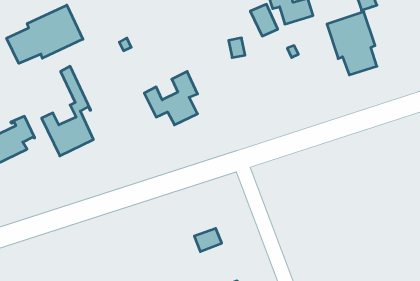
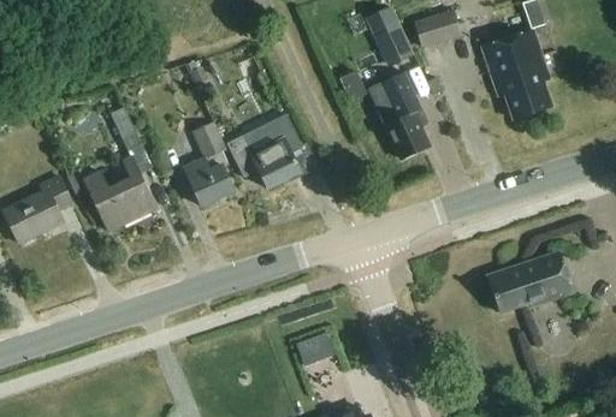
building: [7,5,83,63] -> none
building: none -> [368,71,428,159]
building: none -> [184,121,233,205]
building: none -> [487,251,574,312]

